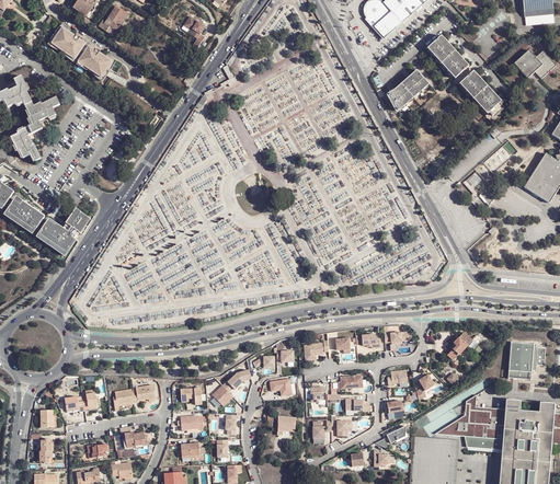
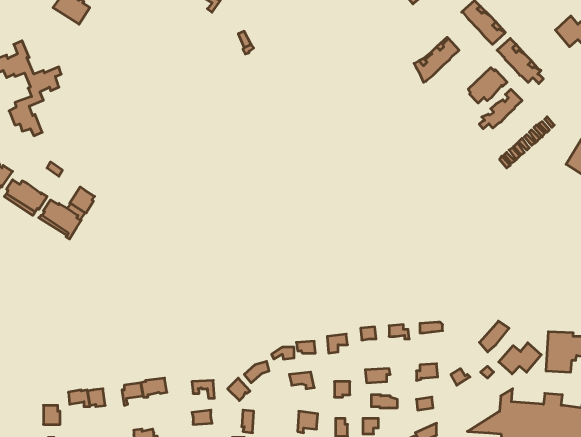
building: [78,45,112,77] -> none
building: none -> [468,68,507,103]
building: none -> [479,89,522,129]
building: none -> [499,343,541,374]

